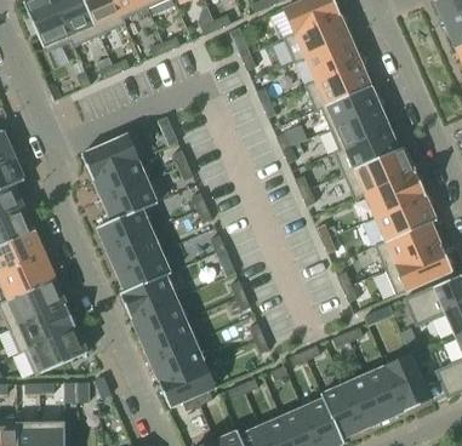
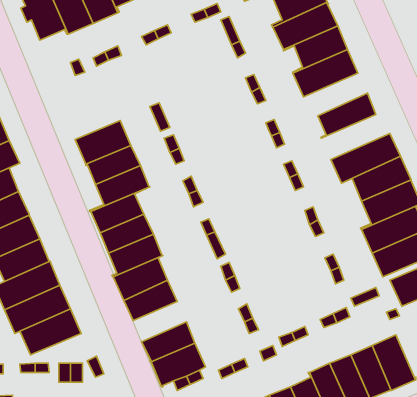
building: [315,85,381,128] -> none
building: [333,127,405,173] -> none
building: [141,319,195,360] -> none

